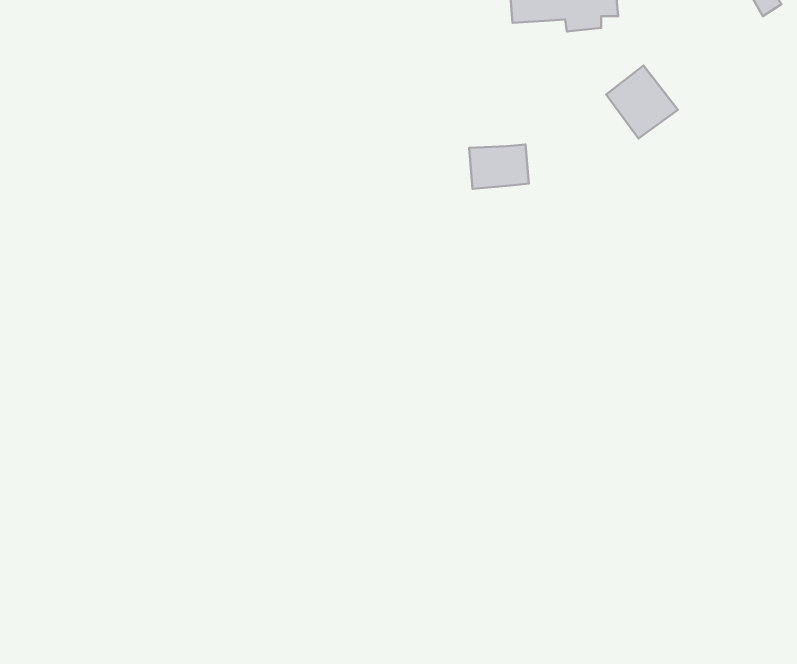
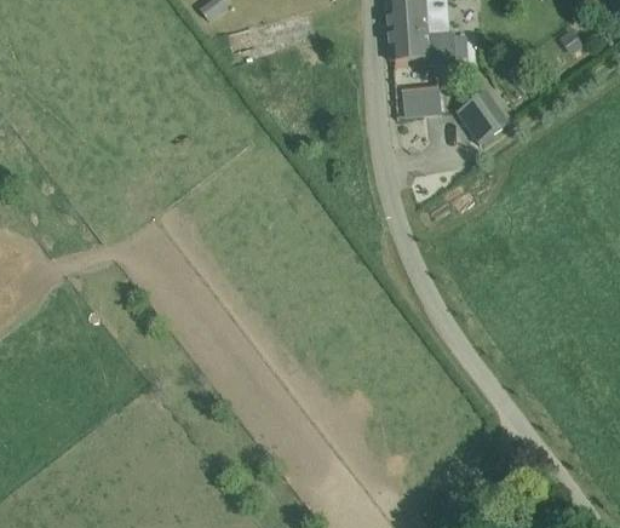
building: [469,144,529,189] -> [398,85,441,116]

